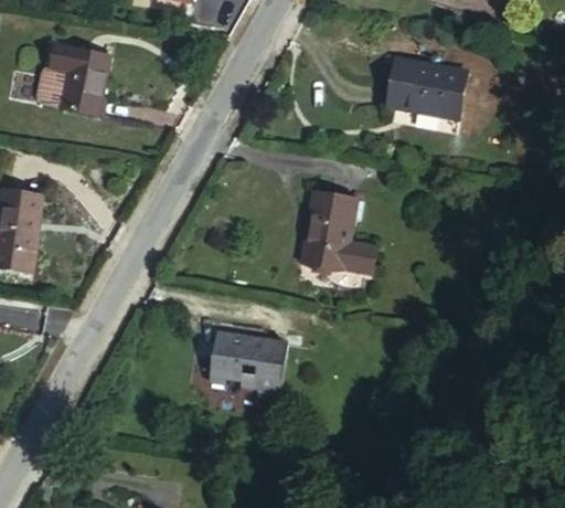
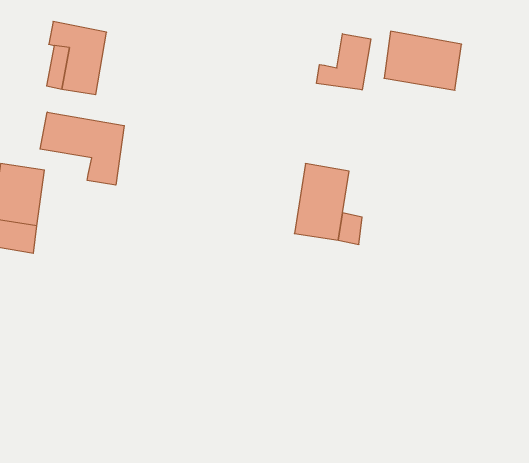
building: none -> [317,34,371,90]
building: none -> [40,112,124,185]
building: [204,330,286,401] -> none

